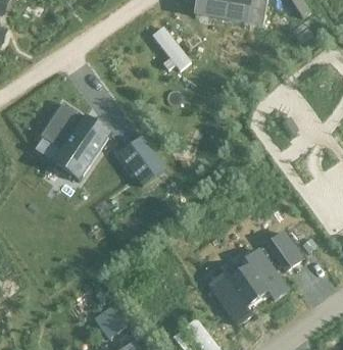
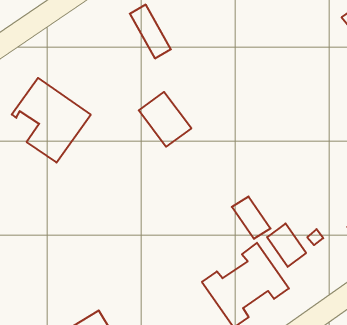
building: [119,135,166,184] -> [139,92,191,147]
building: none -> [232,196,271,239]

